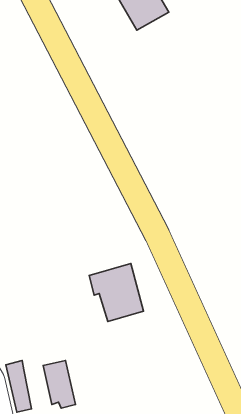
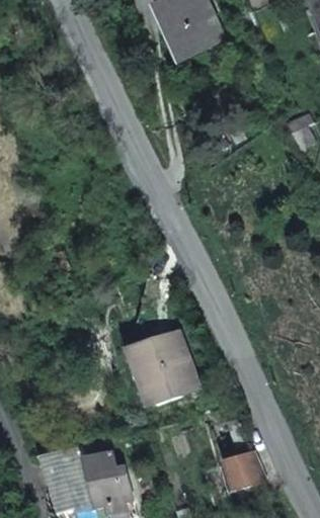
building: none -> [224,454,266,494]
building: none -> [55,456,88,508]

